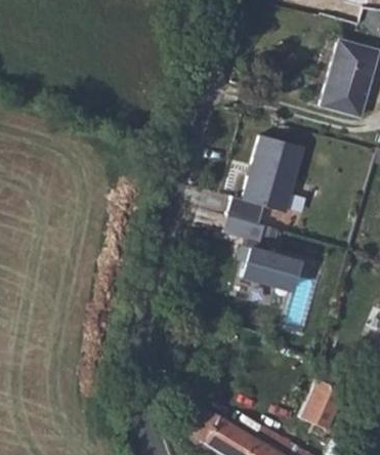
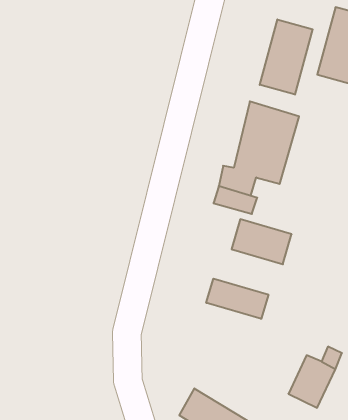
building: none -> [260,19,313,95]
building: none -> [206,279,268,319]

